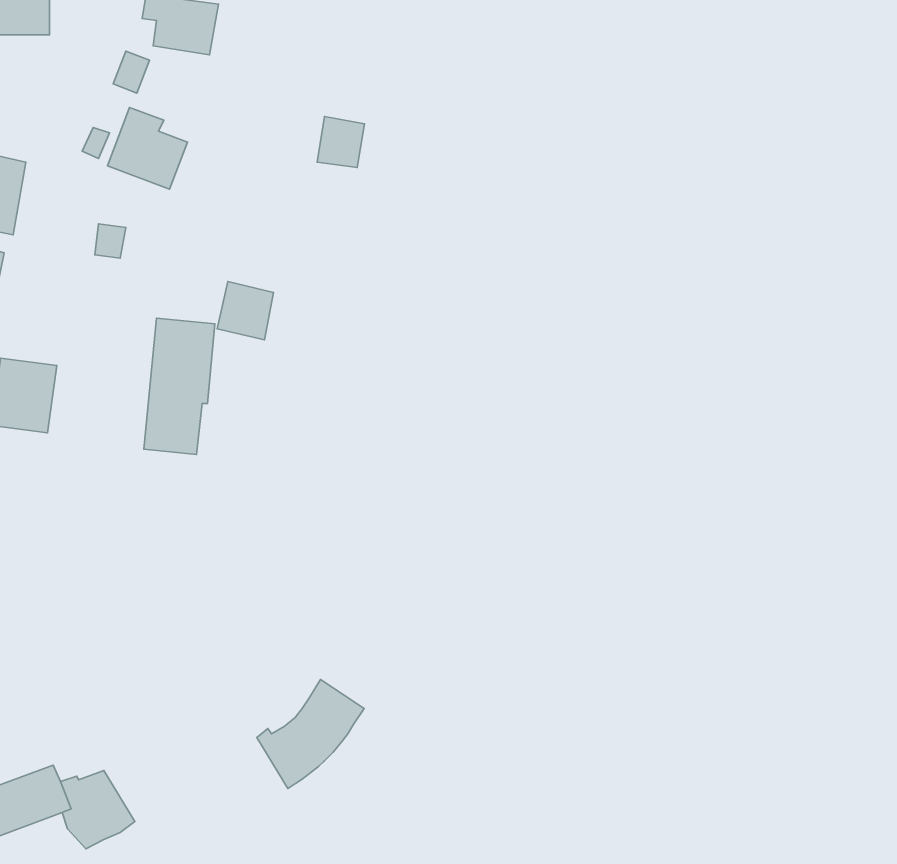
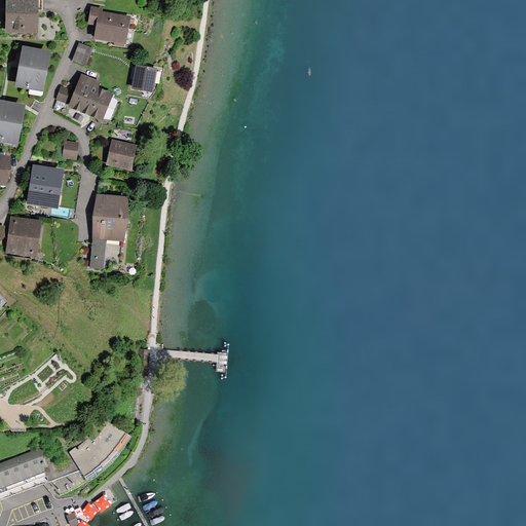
building: none -> [13,46,49,92]
building: [317,117,364,167] -> [133,64,159,92]
building: none -> [25,164,65,210]
building: [217,282,273,340] -> [105,138,137,171]
building: [257,679,364,788] -> [68,416,128,478]

